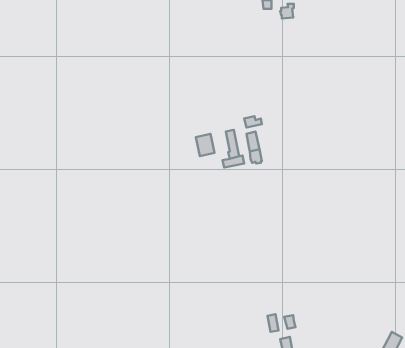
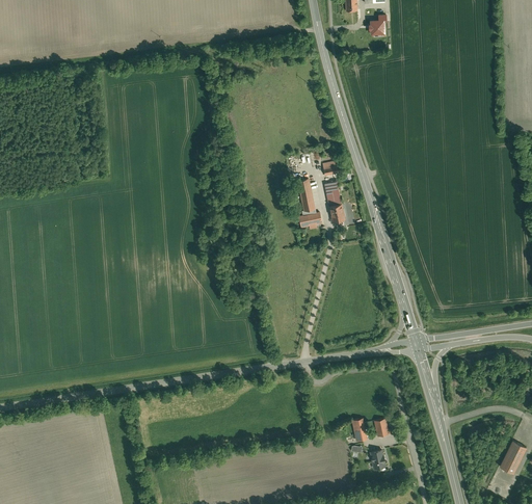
building: [196,134,215,156] -> none

